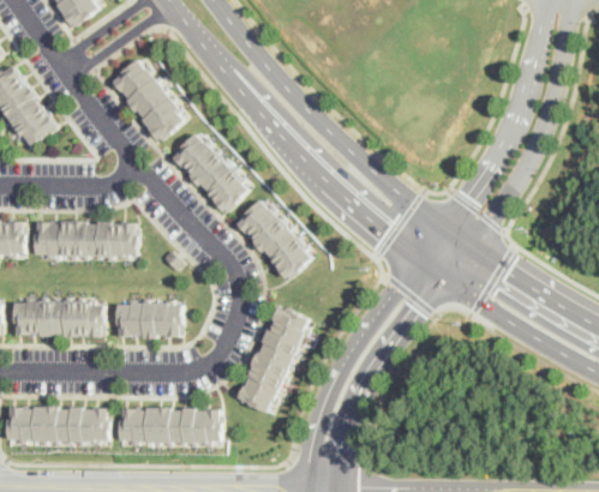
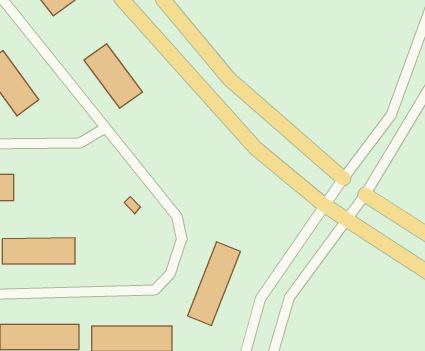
building: [172,133,250,212] -> none
building: [236,202,315,278] -> none
building: [35,224,136,256] -> none
building: [116,304,182,340] -> none

